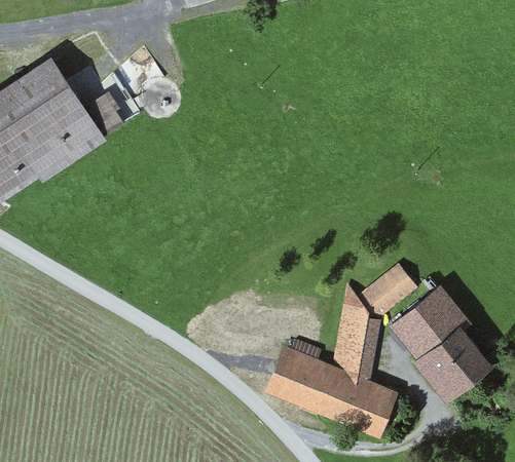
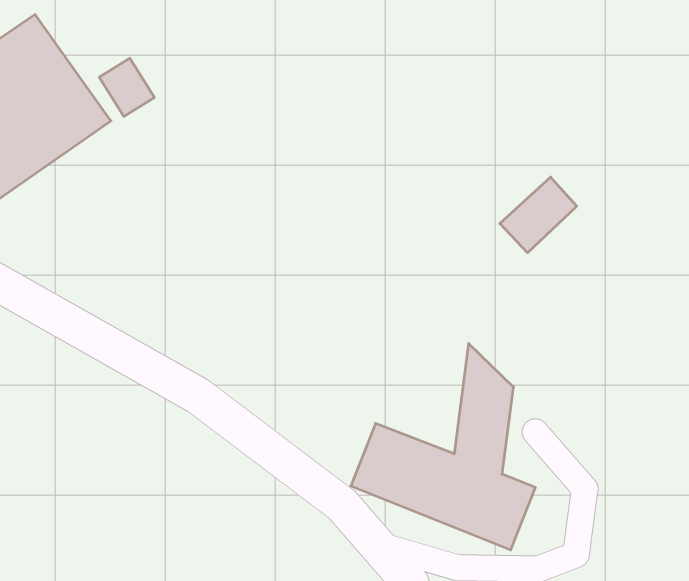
building: [364,264,418,317] -> [500,177,577,253]
building: [389,283,486,399] -> none

